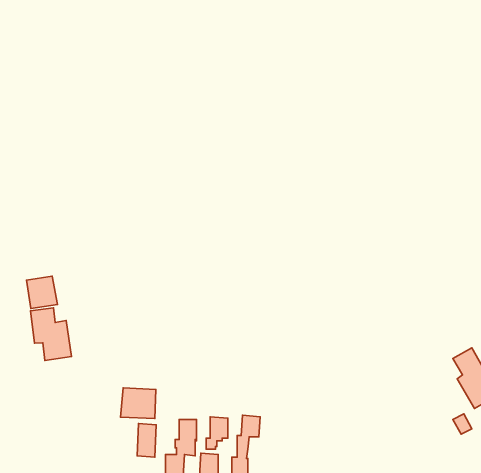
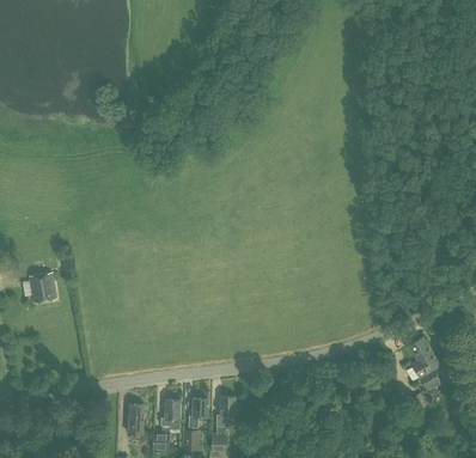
building: [31,308,72,360] -> none
building: [121,388,156,418] -> none

